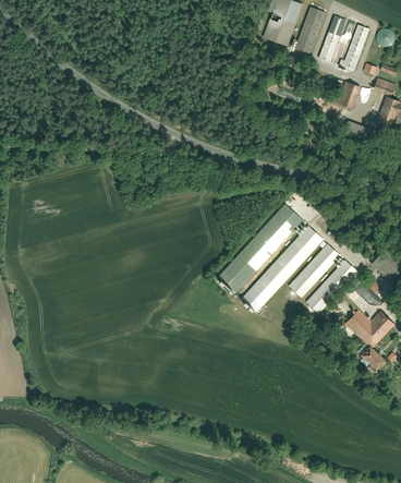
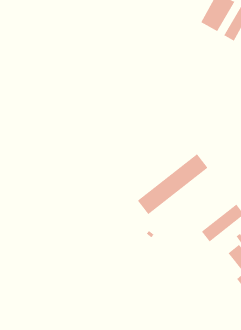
building: [242,226,323,311] -> none
building: [288,242,340,297] -> none

